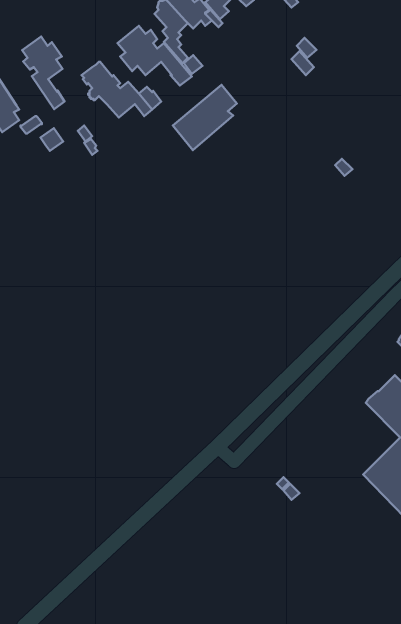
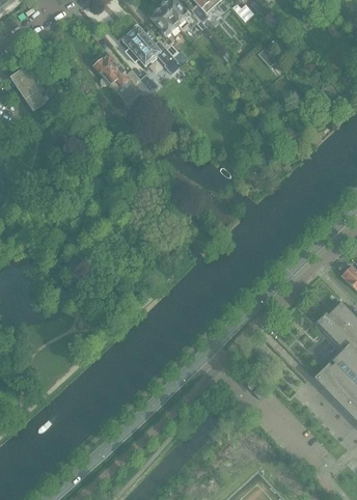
building: [22,36,65,109] -> none
building: [173,85,237,150] -> none

